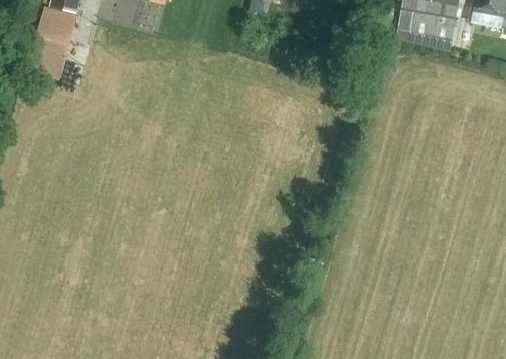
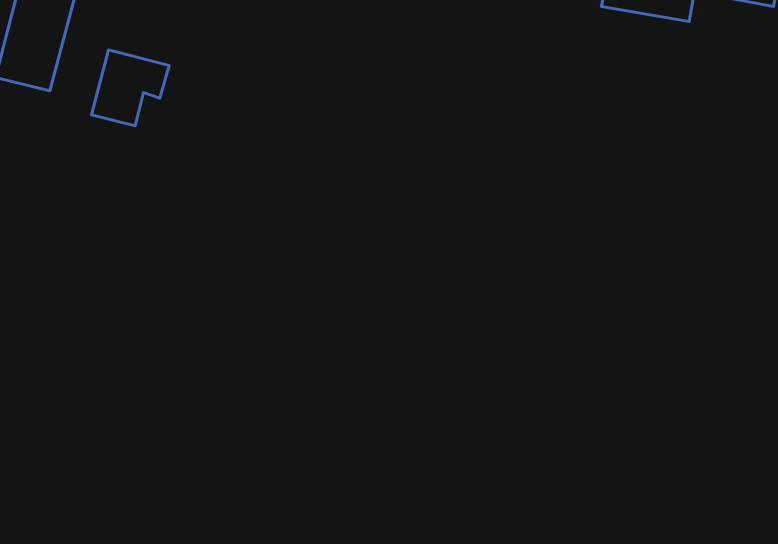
building: none -> [92,50,169,126]

